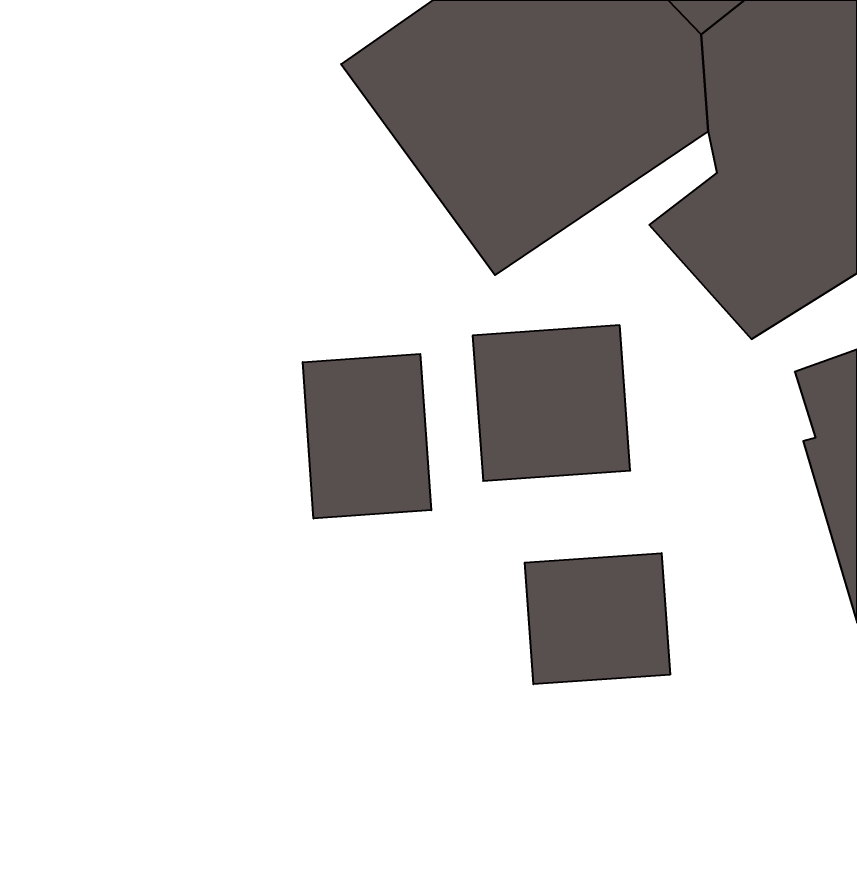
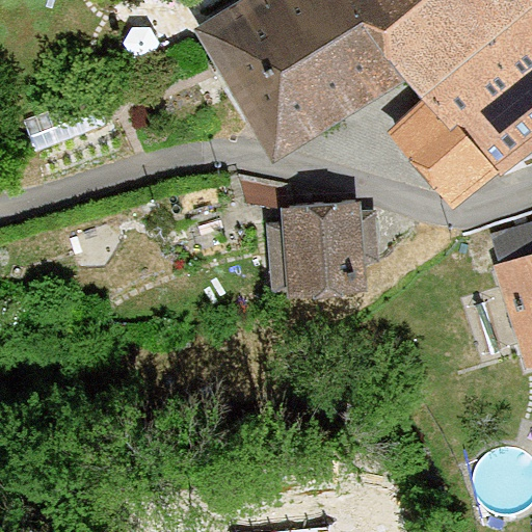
building: [303,354,431,519] -> none
building: [525,553,670,684] -> none

